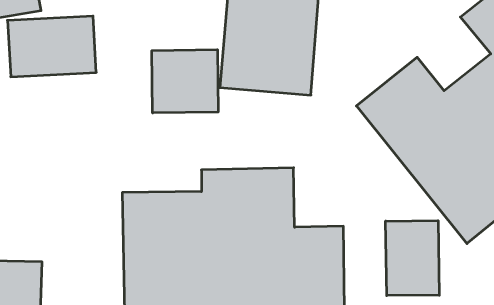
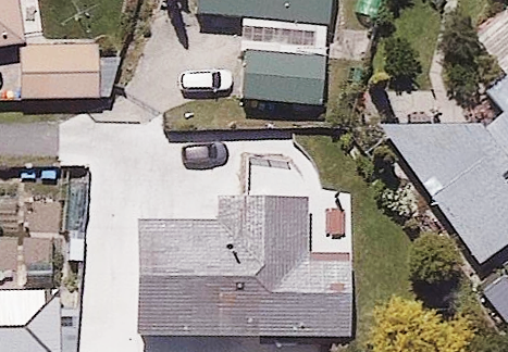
building: [152,50,218,113] -> none
building: [386,221,439,296] -> none

